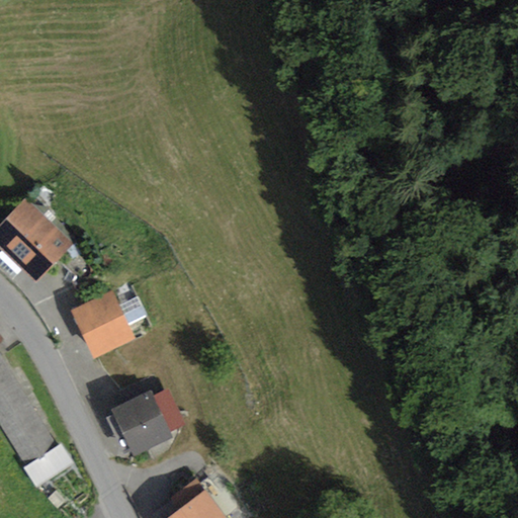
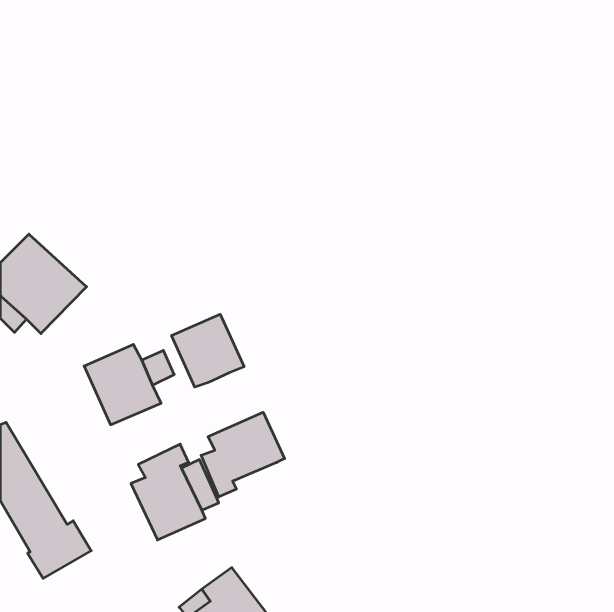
building: none -> [172,314,244,387]
building: none -> [201,412,285,497]

